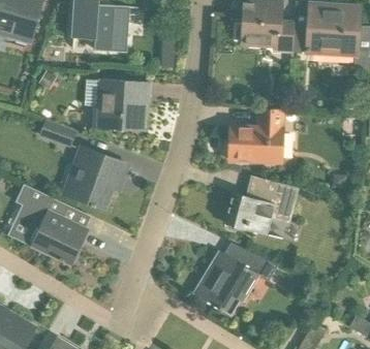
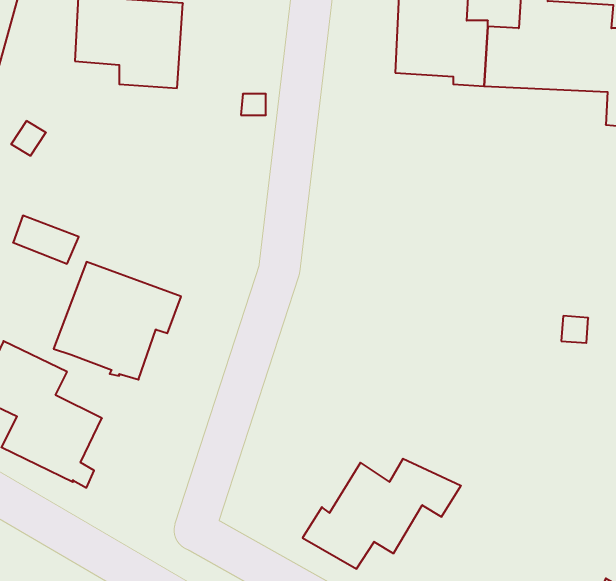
building: [91,78,149,131] -> none
building: [228,108,283,162] -> none
building: [226,178,298,234] -> none

